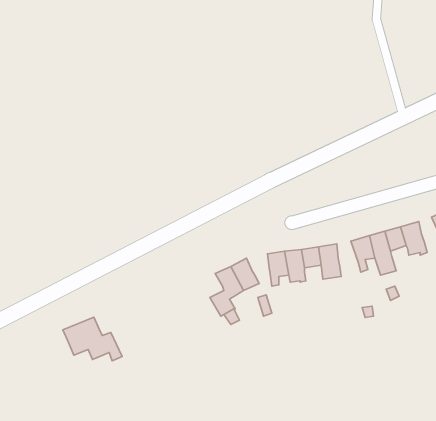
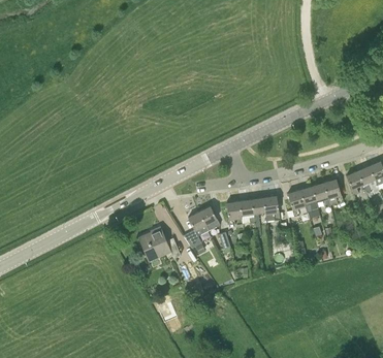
building: [63,317,122,361] -> [137,226,181,258]

